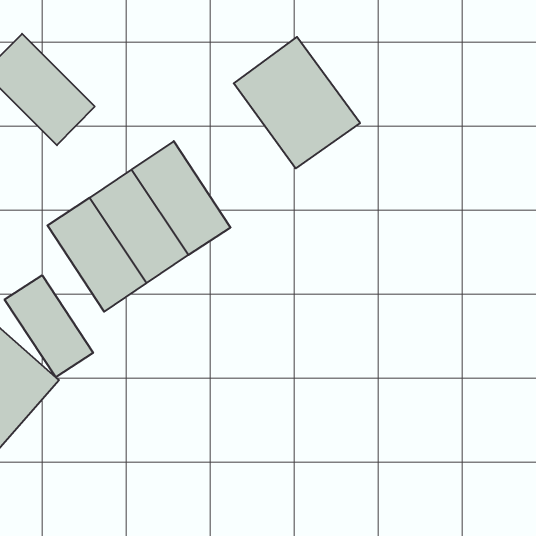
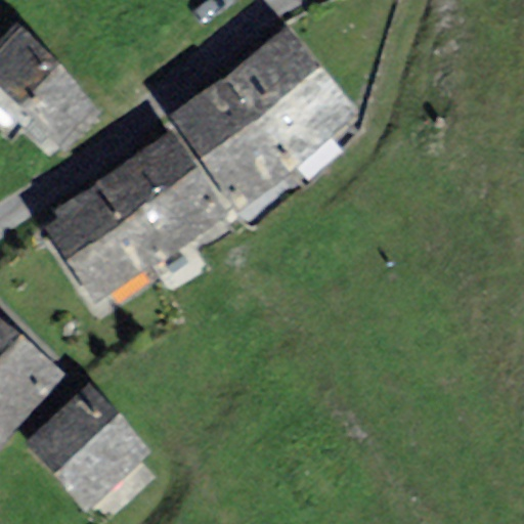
building: none -> [178,81,288,200]
building: [5,275,93,377] -> none
building: none -> [29,384,145,499]

